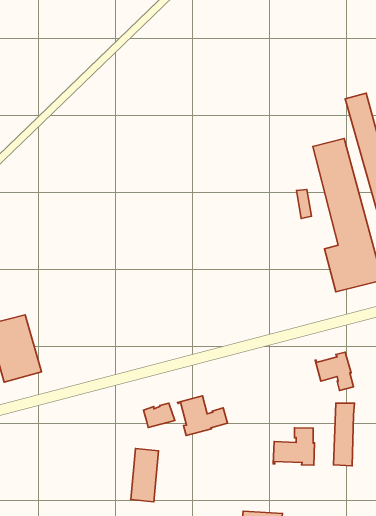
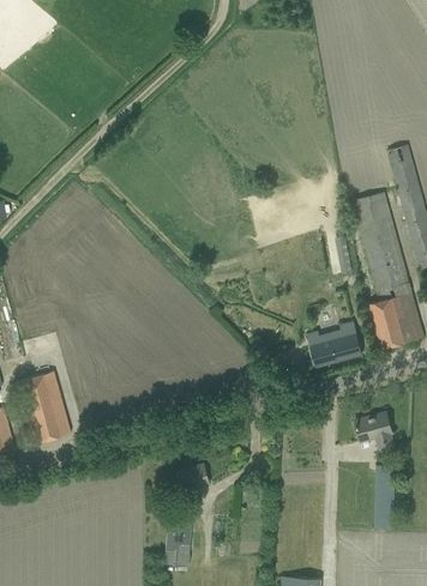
building: none -> [306,321,361,366]
building: [177,396,227,435] -> none
building: [273,428,315,465] -> none

